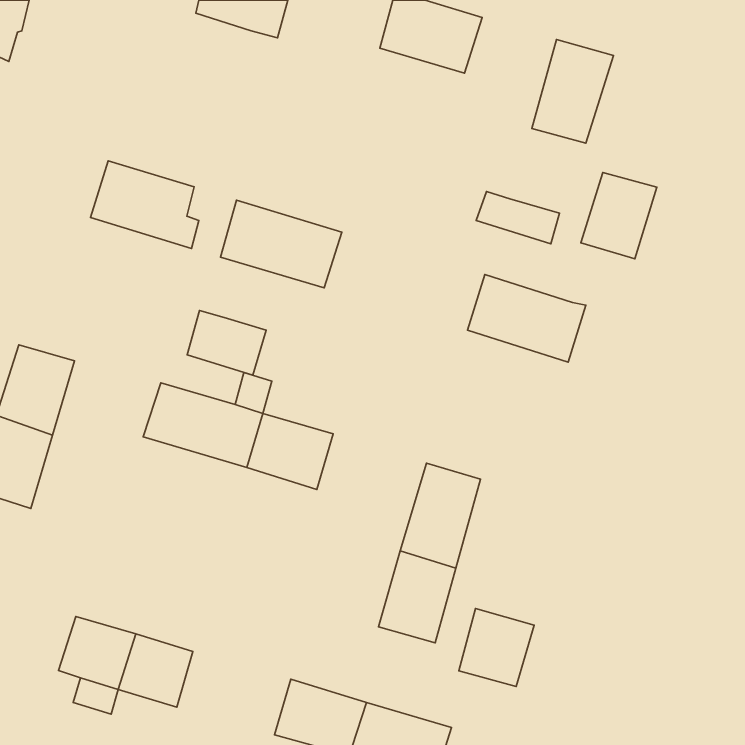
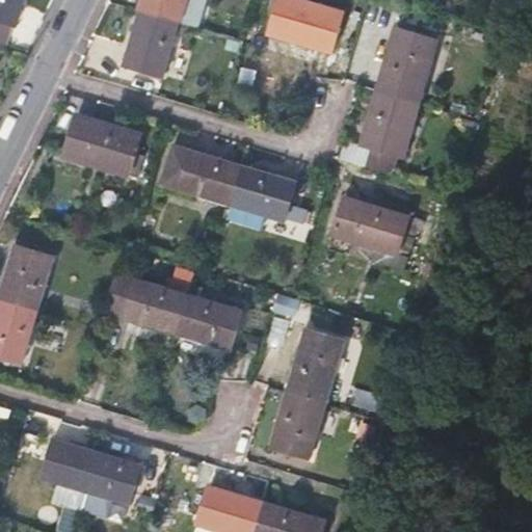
building: none -> [124,10,179,76]
building: [581,173,657,259] -> [363,92,417,154]
building: none -> [231,165,294,221]
building: [187,310,266,375] -> none
building: [459,609,534,686] -> none

